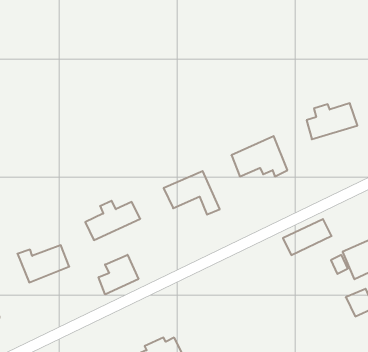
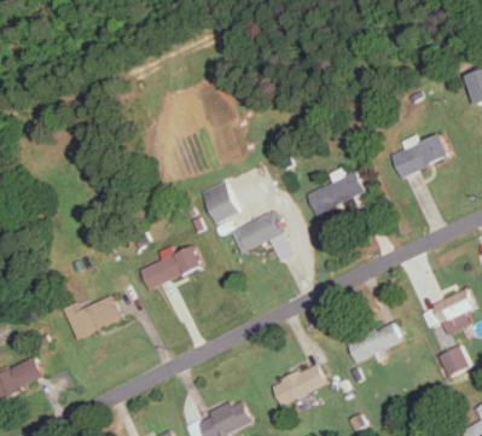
building: none -> [201,180,238,223]
building: [283,219,332,255] -> [345,322,401,364]
building: [99,255,138,294] -> none
building: none -> [271,364,325,405]

